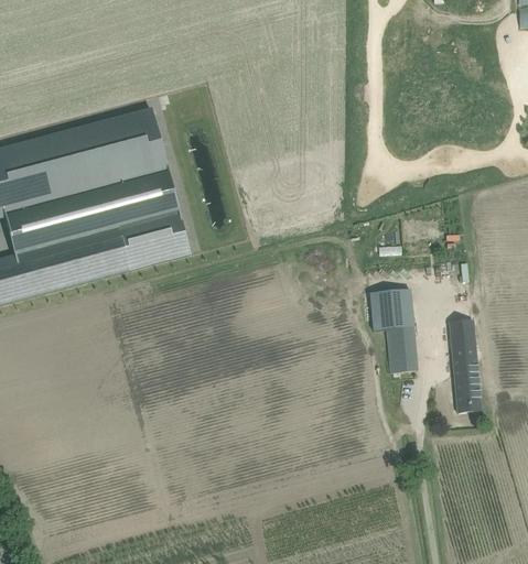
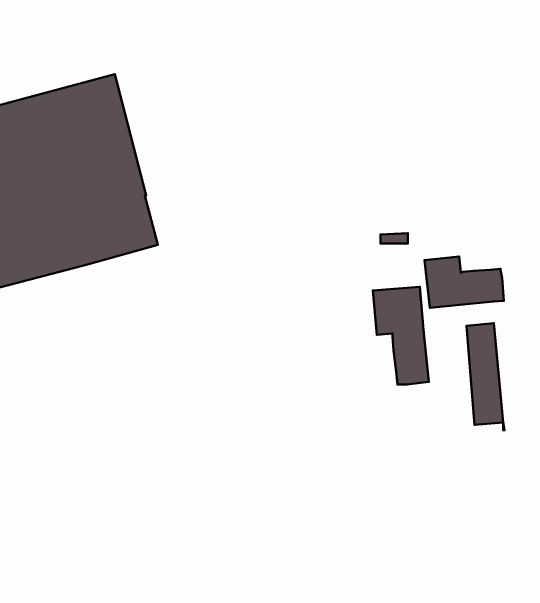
building: none -> [425,257,504,308]

